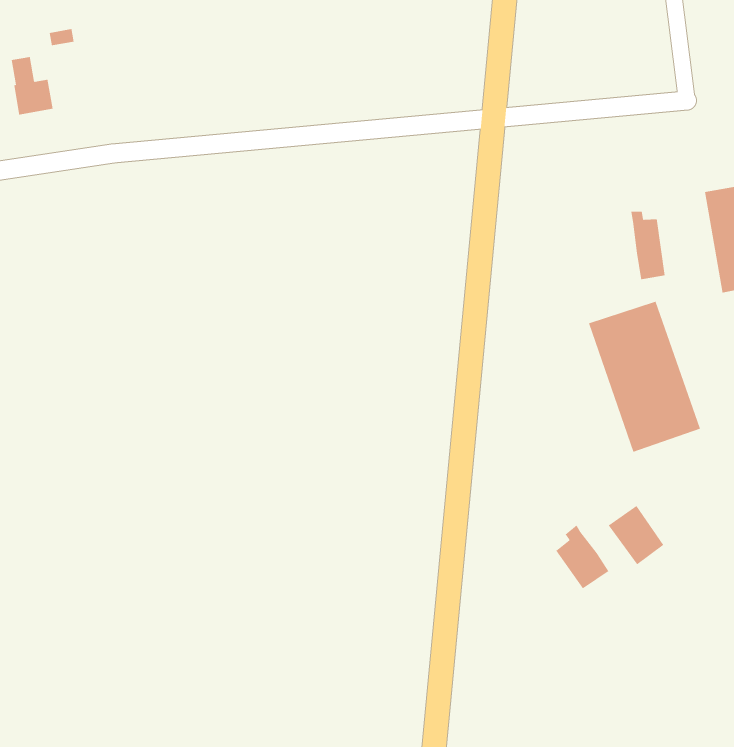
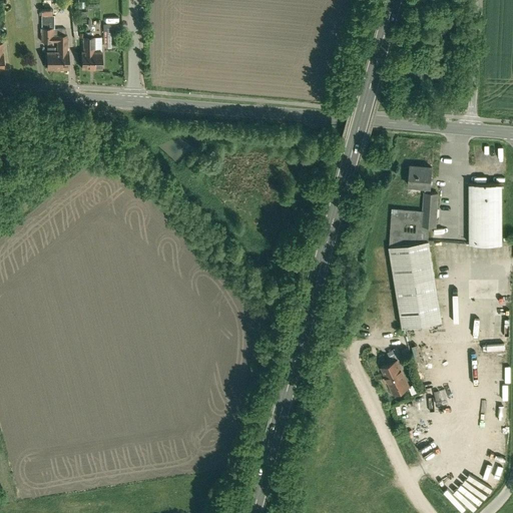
building: none -> [408,166,432,189]
building: none -> [388,210,430,249]
building: [556,525,609,589] -> none

